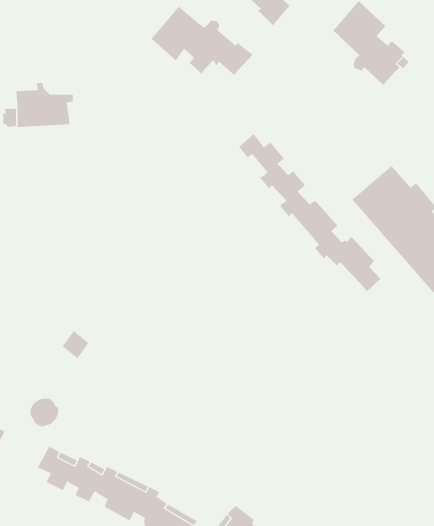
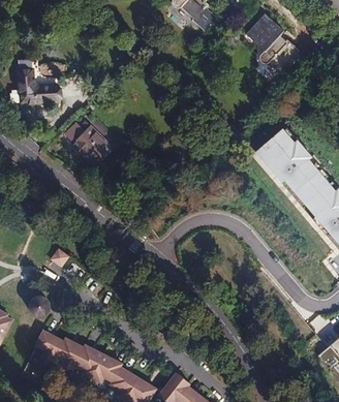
building: [151,6,253,76] -> none
building: [238,133,381,292] -> none
building: none -> [71,124,113,175]

